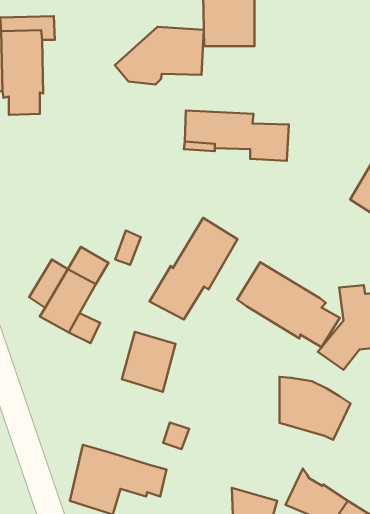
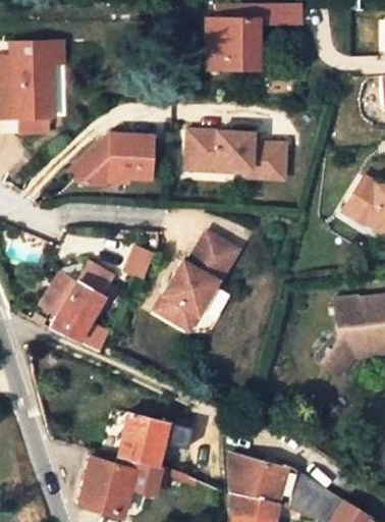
building: [115,27,204,85] -> [66,135,151,190]
building: [237,262,340,347] -> none
building: [122,332,176,392] -> [117,411,168,468]
building: [280,377,350,440] -> [233,446,300,506]

